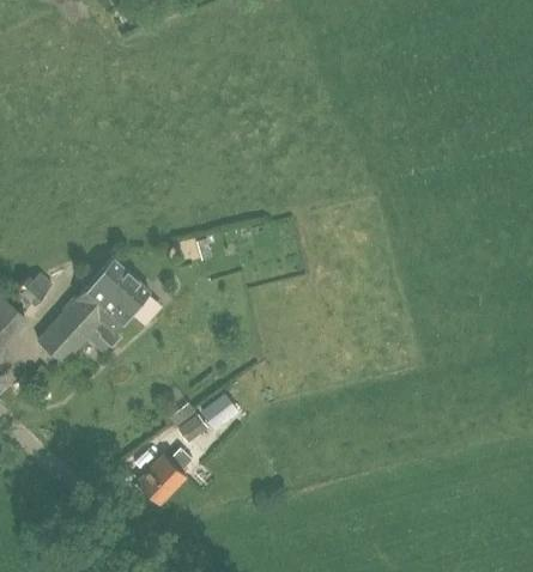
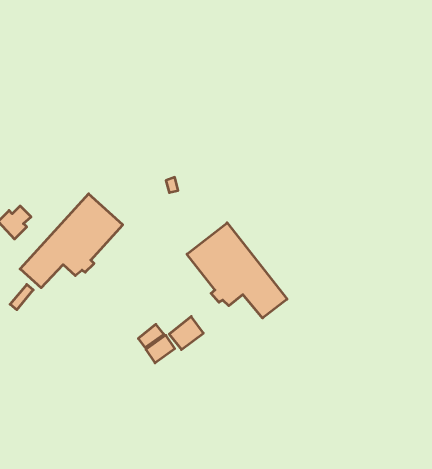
building: none -> [187,223,287,318]
building: [138,448,192,504] -> none

